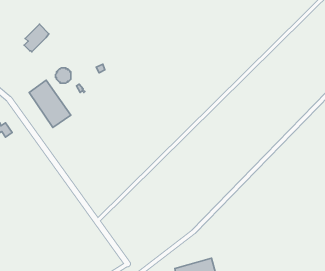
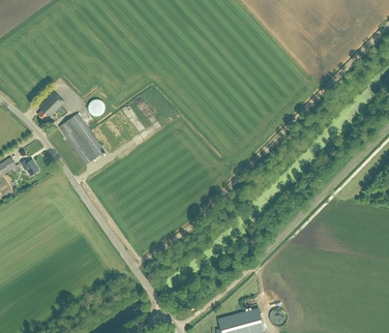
building: [24,24,49,52] -> [37,91,64,121]

